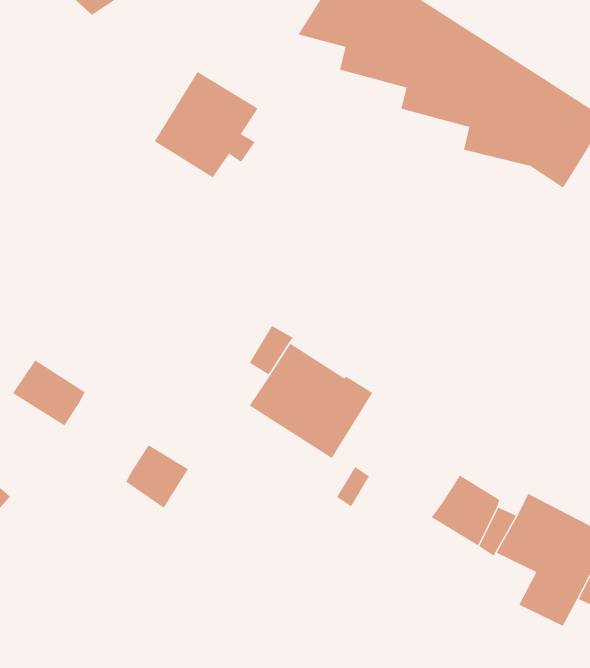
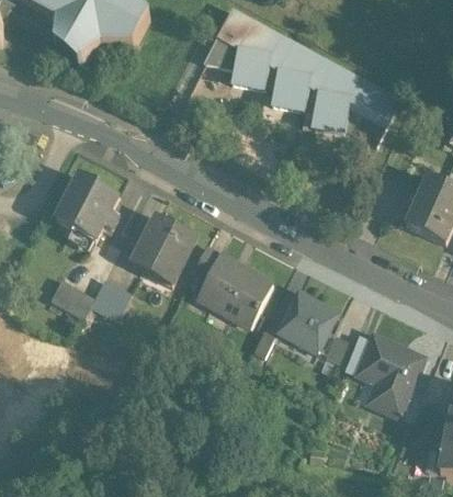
building: [154,71,258,178] -> [55,176,117,240]
building: none -> [132,215,193,278]
building: none -> [276,290,333,346]
building: [125,444,189,508] -> [89,279,127,317]

